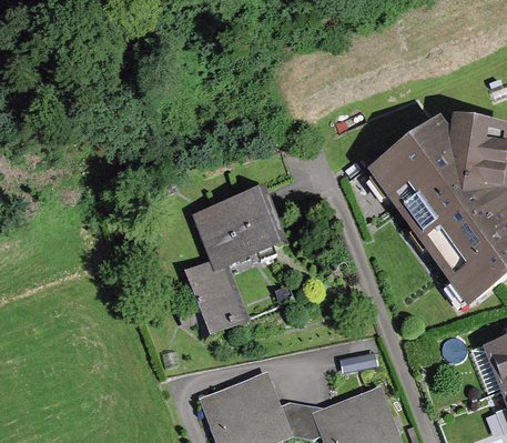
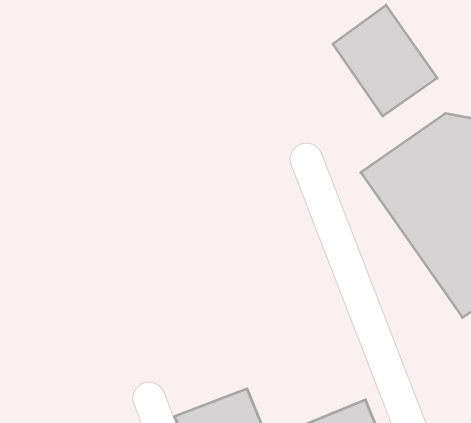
building: none -> [333,5,437,116]
building: [187,190,280,335] -> none

